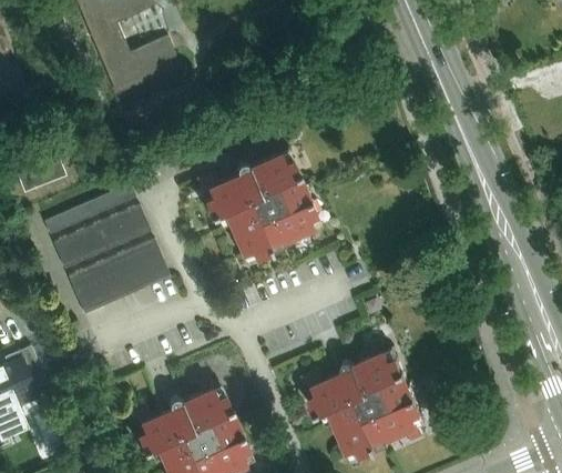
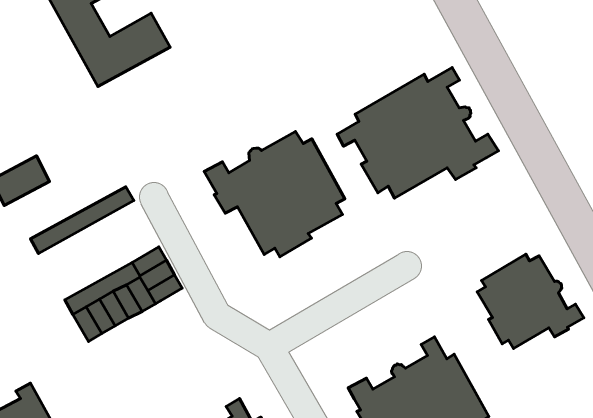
building: none -> [337,67,498,198]
building: [53,208,150,271] -> none
building: none -> [477,254,584,349]

